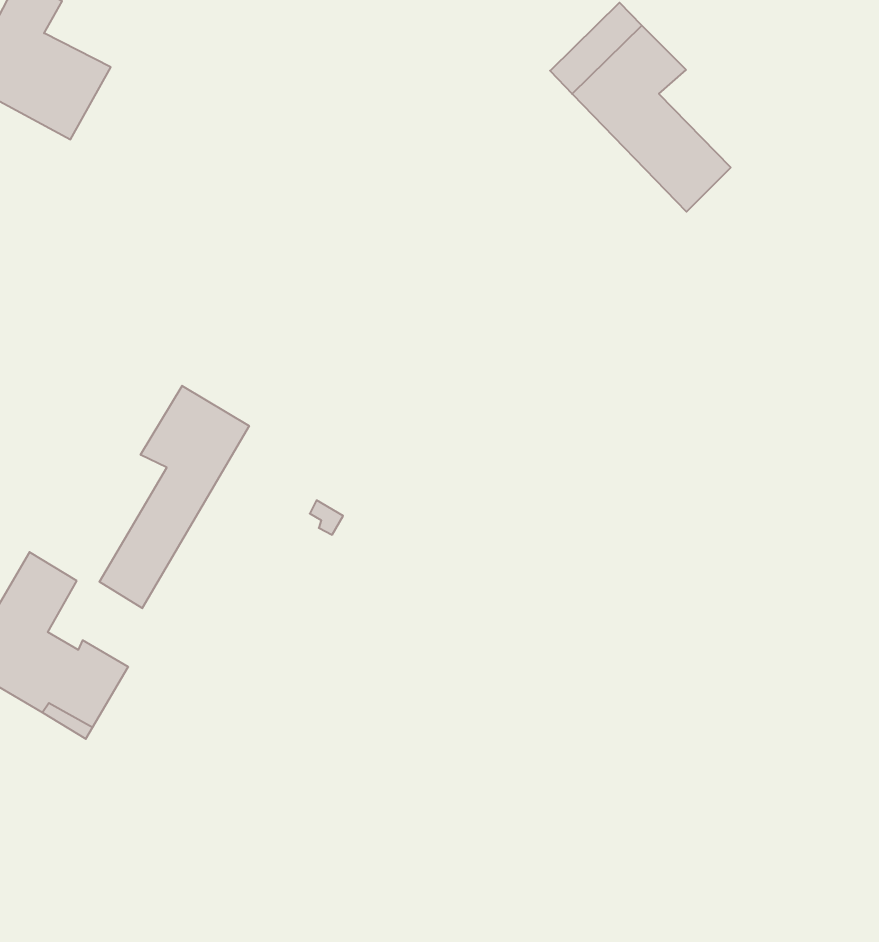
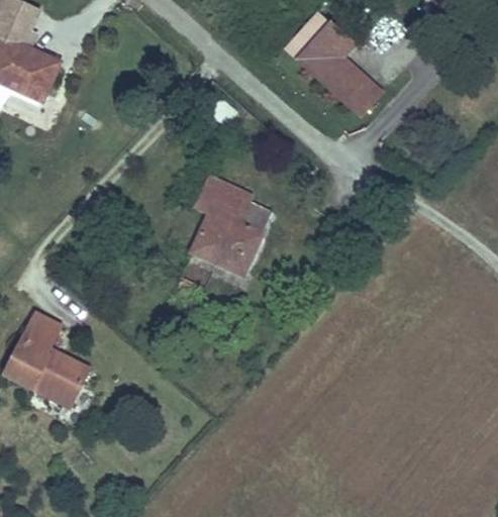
building: none -> [192,175,272,273]
building: [99,386,249,608] -> none

